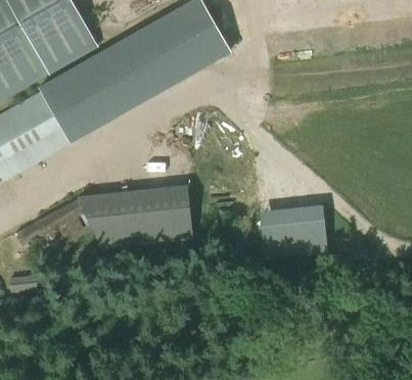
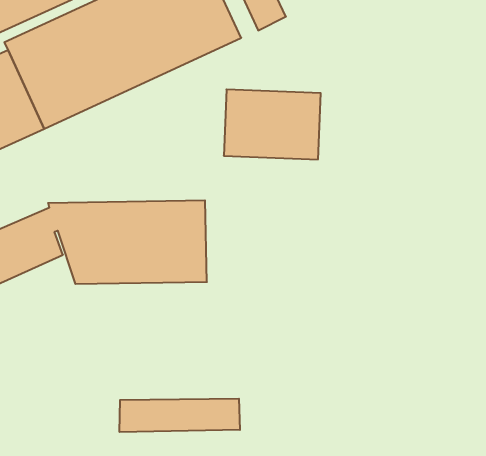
building: [265,202,332,251] -> [224,89,321,159]
building: none -> [120,399,240,432]

